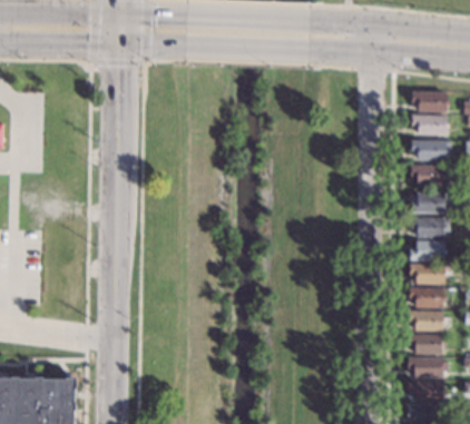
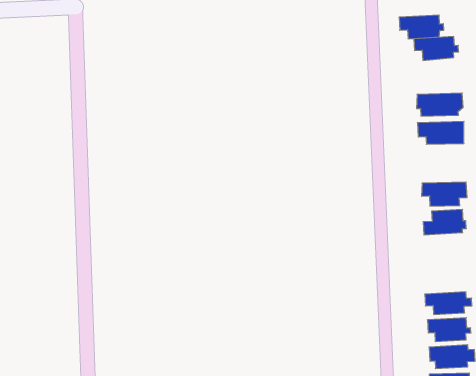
building: [410,115,448,134] -> [399,15,444,39]
building: [410,191,448,211] -> none
building: [408,264,444,283] -> none
building: [408,287,441,306] -> none

